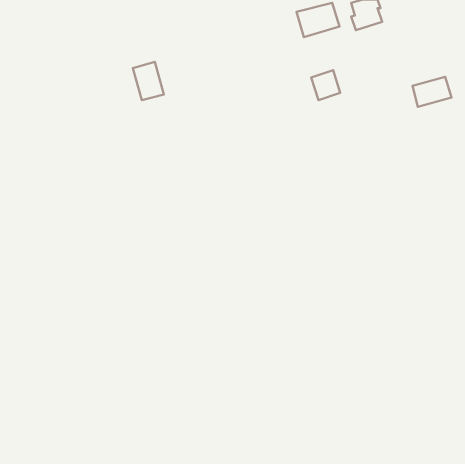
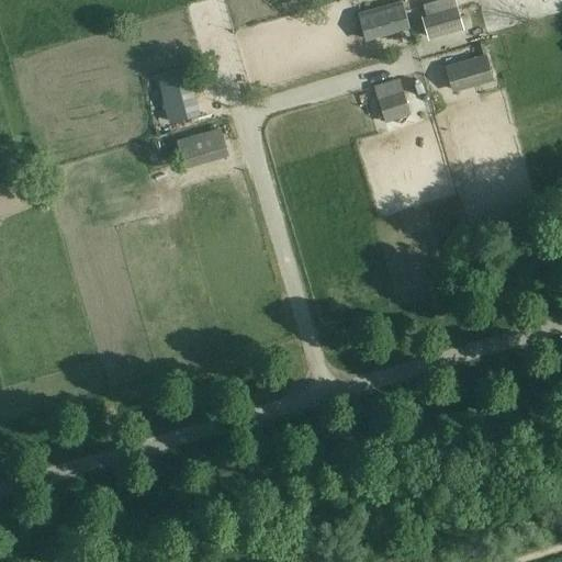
building: [413,77,452,107] -> [446,56,493,92]
building: none -> [178,128,226,165]

